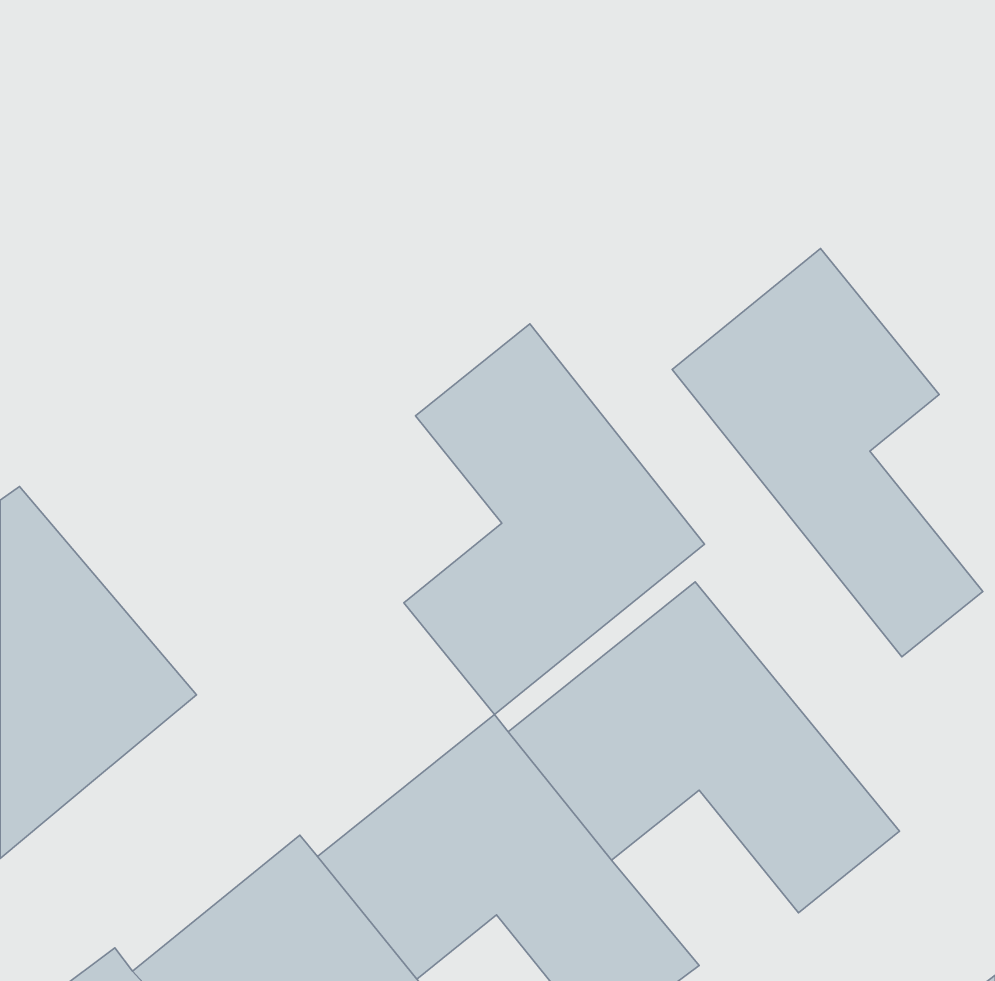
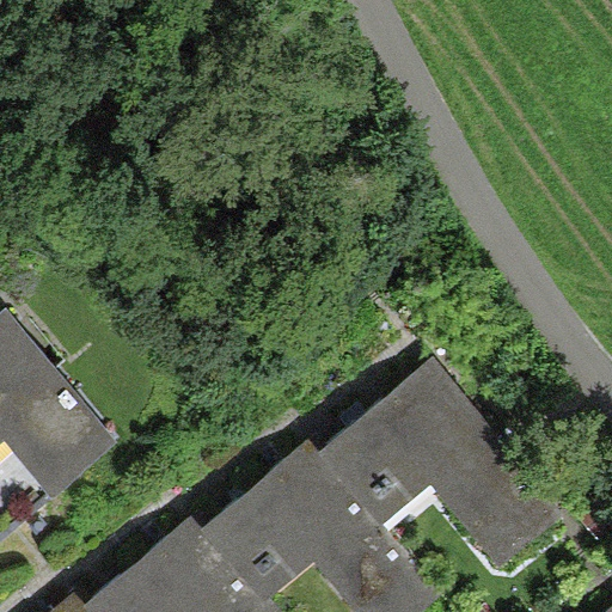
building: [672,248,983,657] -> none
building: [404,324,704,714] -> none

